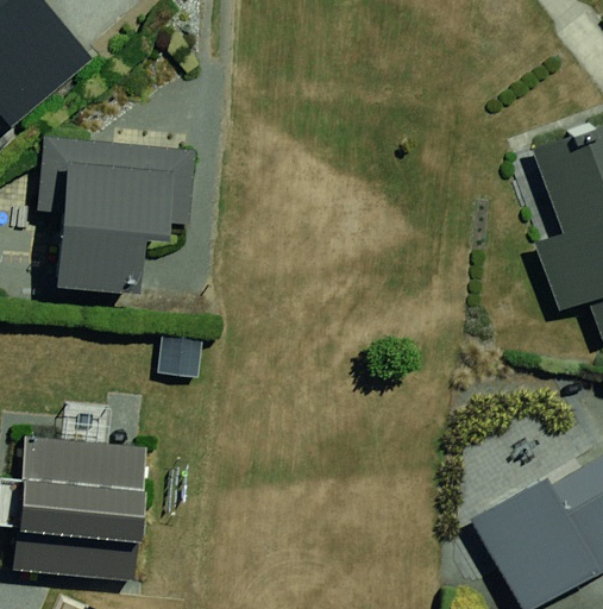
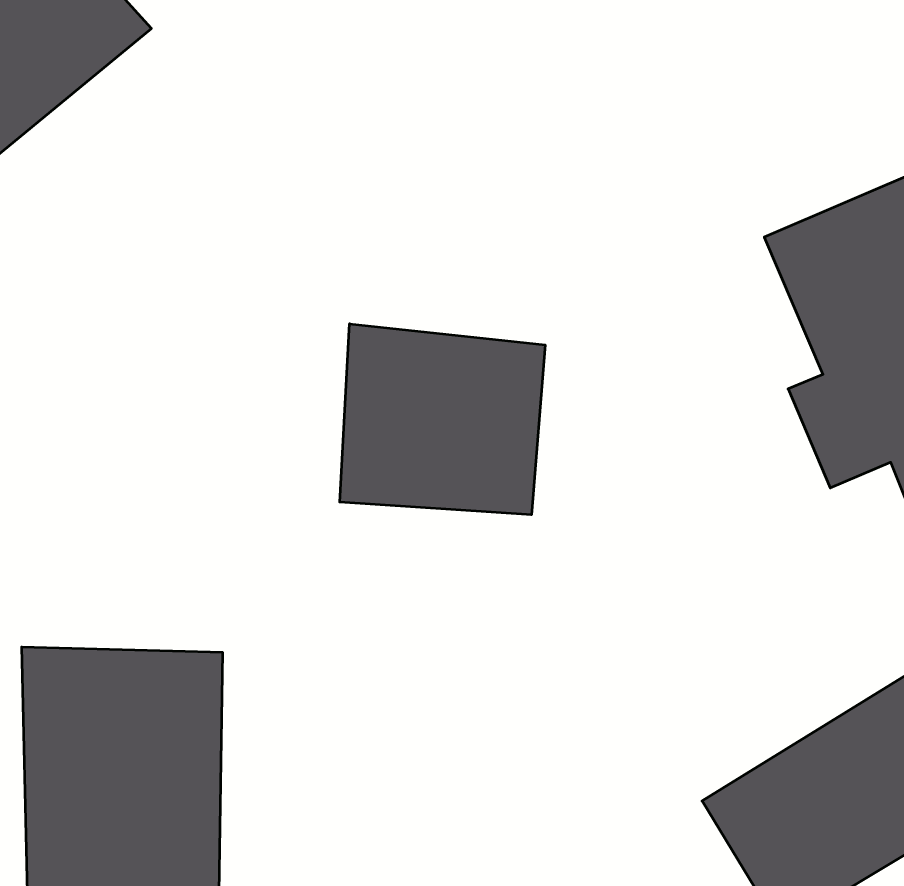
building: [39,139,190,291] -> none
building: none -> [340,324,545,515]

